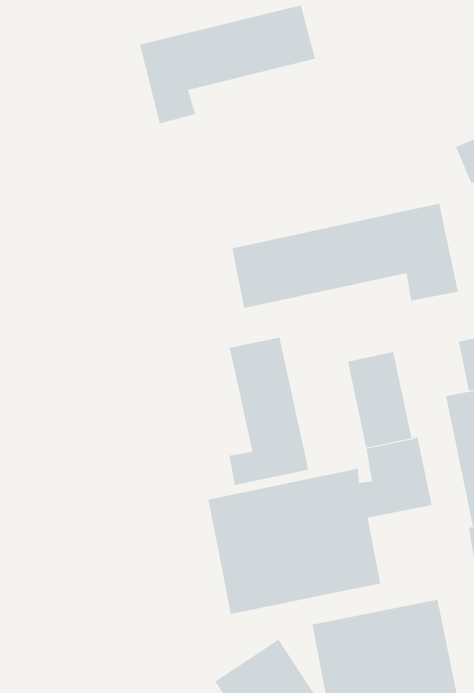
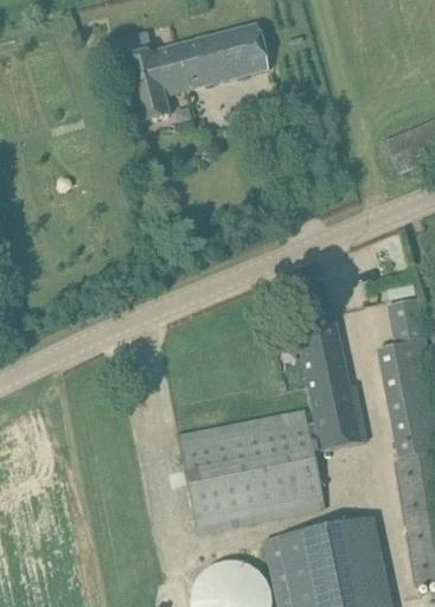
building: [232,203,459,309] -> none
building: [229,337,309,486] -> none

